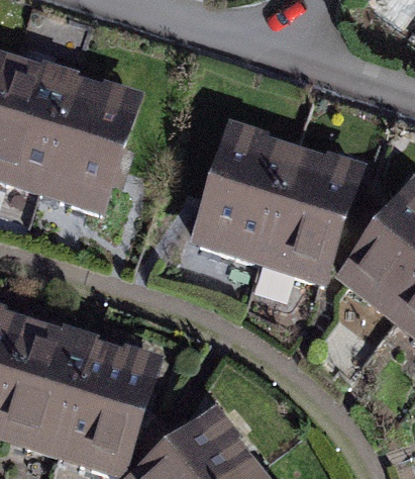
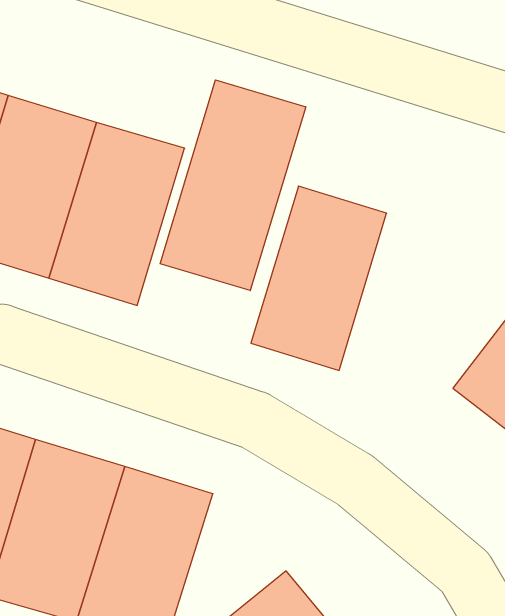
building: none -> [160,80,306,291]
building: [253,163,355,299] -> none

